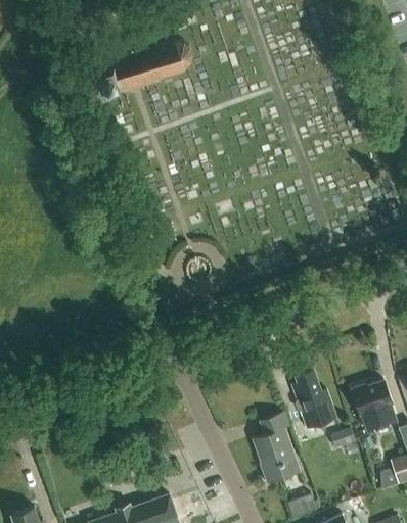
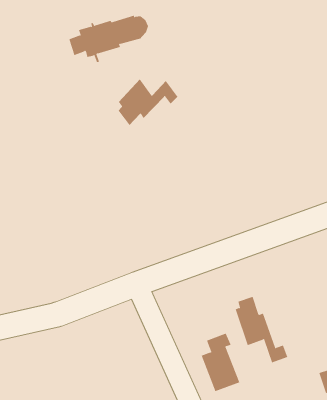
building: none -> [118,78,178,126]
building: [352,381,396,430] -> none

